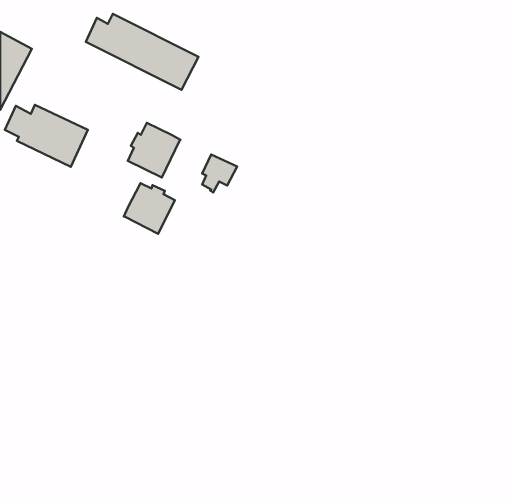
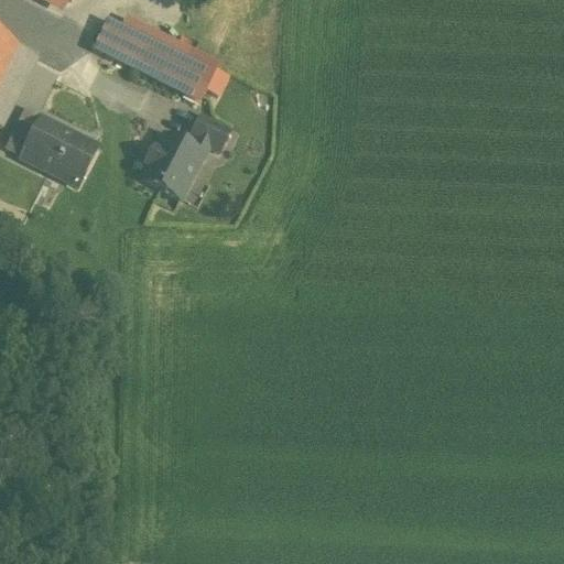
building: [202,154,237,192] -> [191,116,229,158]
building: [124,183,175,234] -> none

